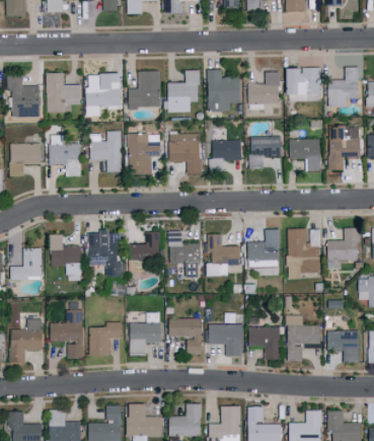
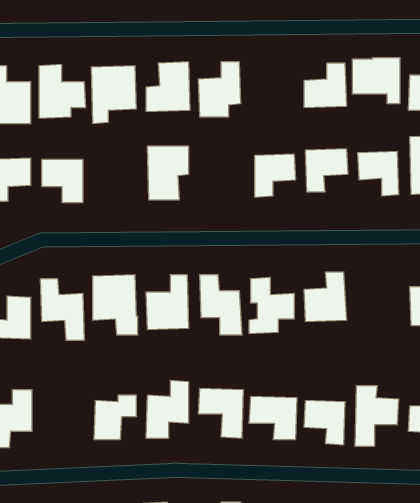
building: [207,69,239,112] -> none
building: [91,131,124,172] -> none
building: [169,133,202,173] -> none
building: [288,228,321,279] -> none
building: [50,310,83,359] -> none

